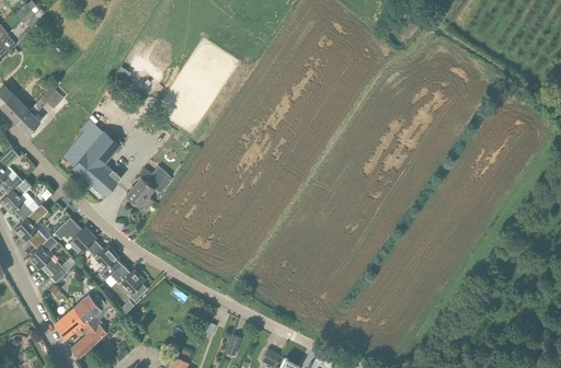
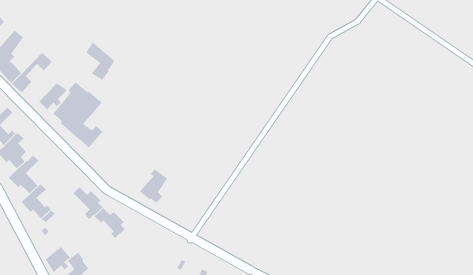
building: none -> [86,41,115,81]
building: none -> [38,83,68,110]
building: [126,170,159,209] -> [139,168,168,203]
building: [54,218,96,251] -> none
building: [73,296,106,322] -> none

